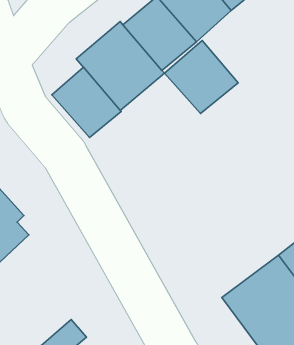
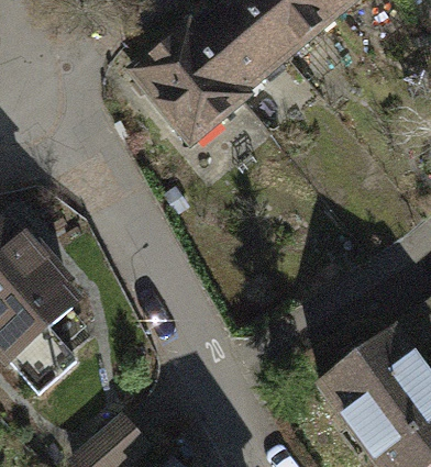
building: [164,41,238,114] -> none
building: [52,67,121,137] -> none

